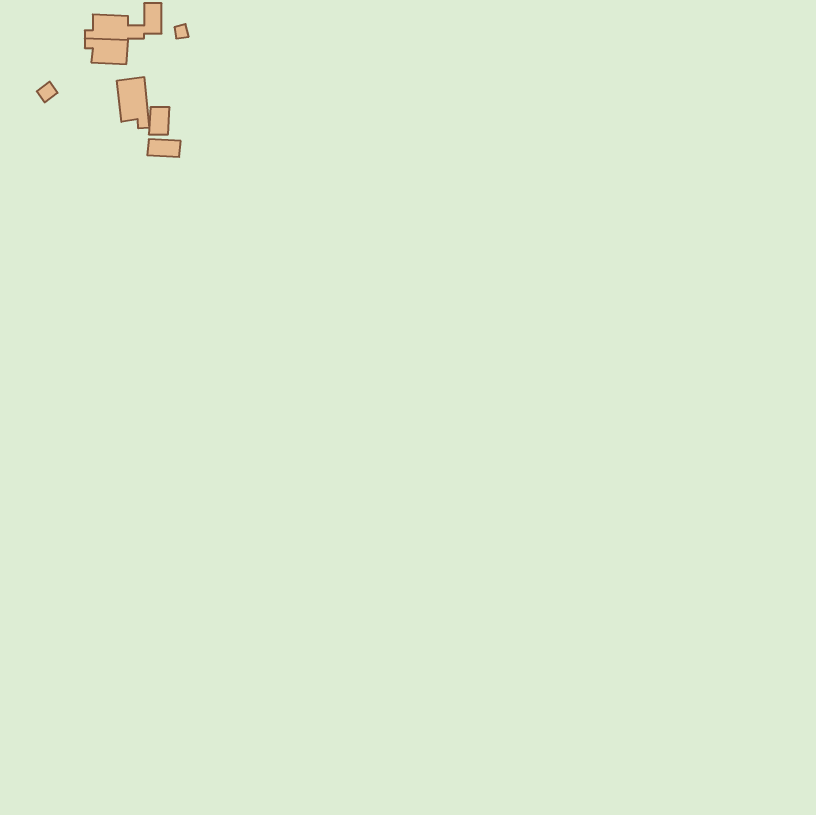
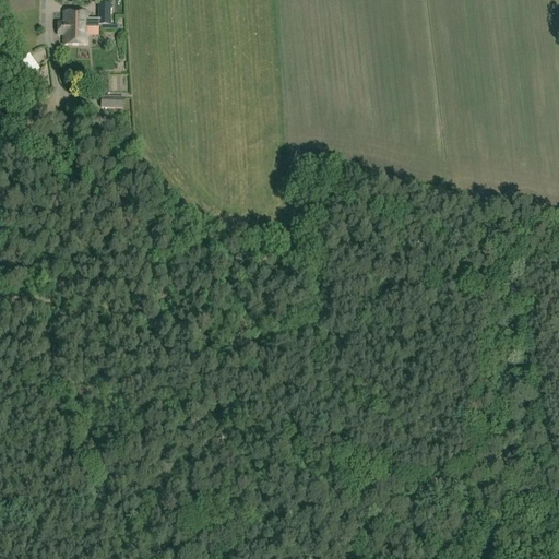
building: [117,77,149,128] -> none

